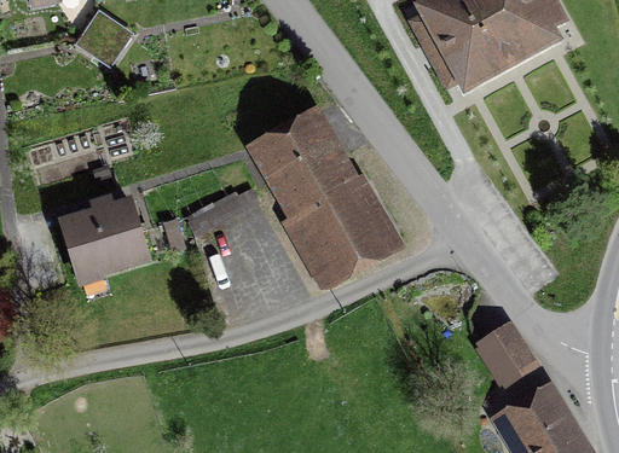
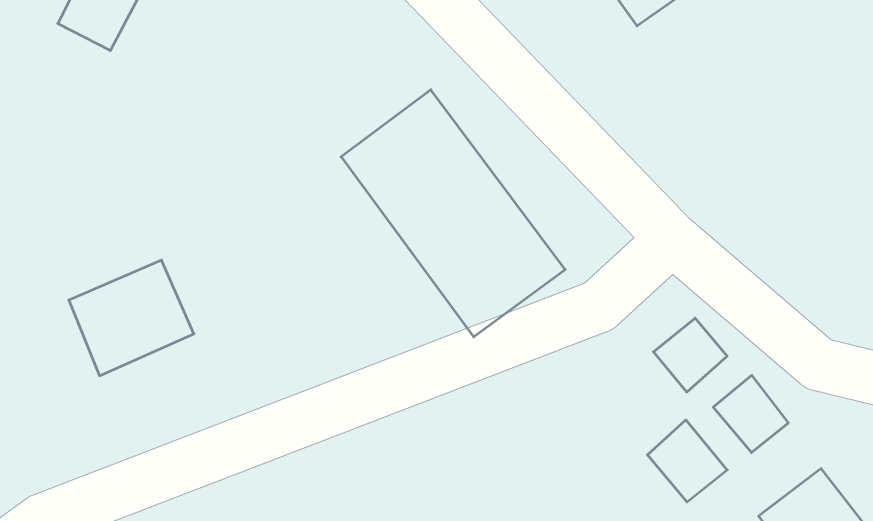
building: none -> [653,318,727,392]
building: none -> [647,420,727,502]

